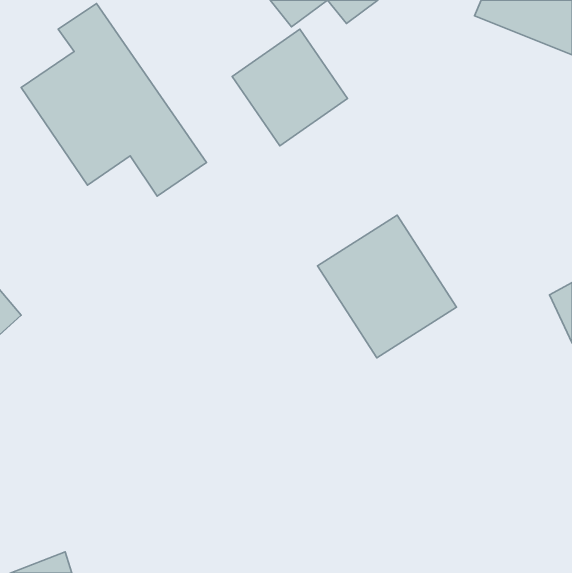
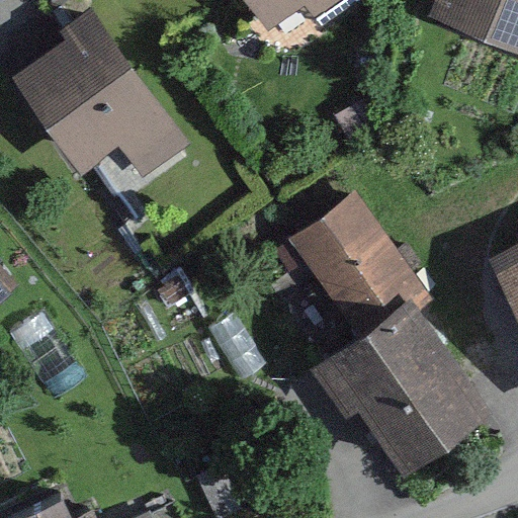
building: [232,29,348,146] -> none
building: none -> [318,301,491,482]

